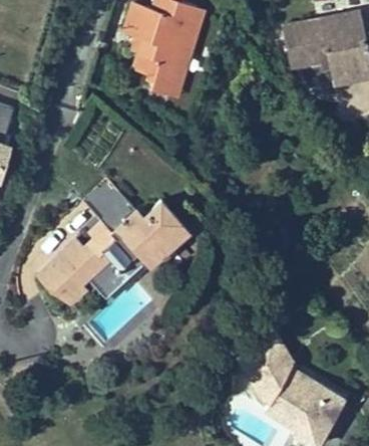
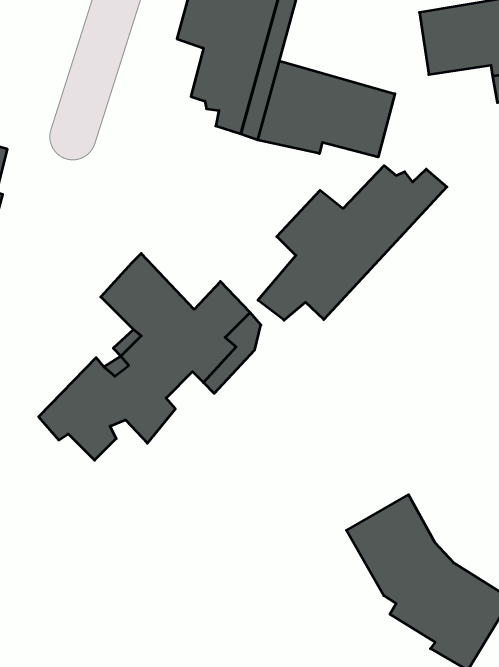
building: none -> [258,61,395,157]
building: none -> [258,166,447,320]

